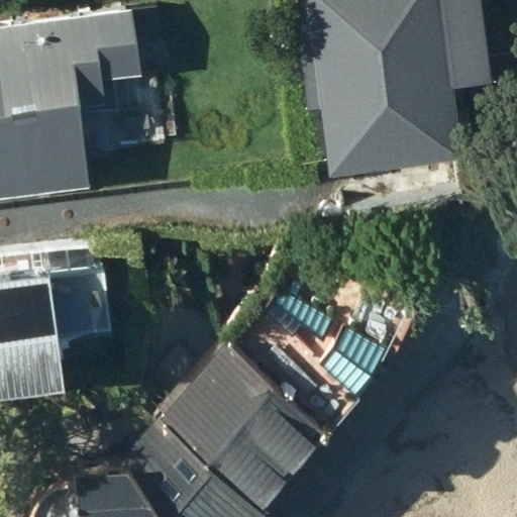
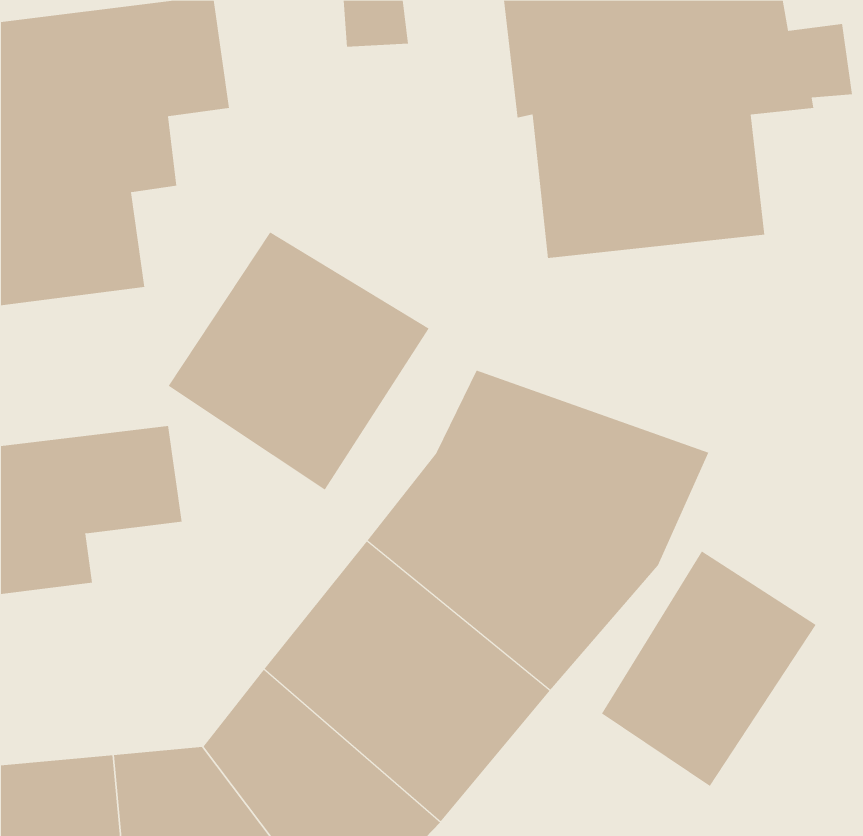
building: none -> [168,232,429,491]
building: none -> [601,551,817,787]

